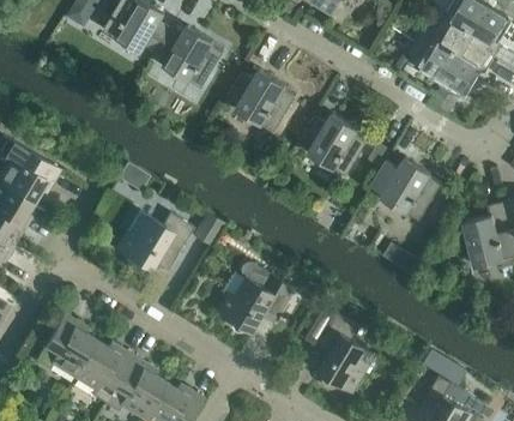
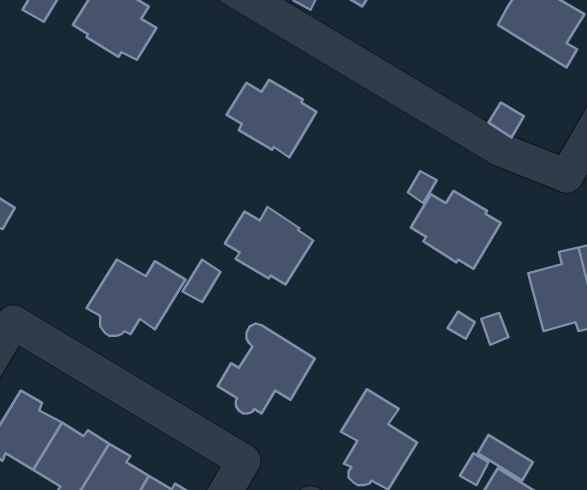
building: [156,26,224,88] -> none
building: [417,28,494,92] -> none
building: [300,114,369,175] -> [225,207,313,285]

